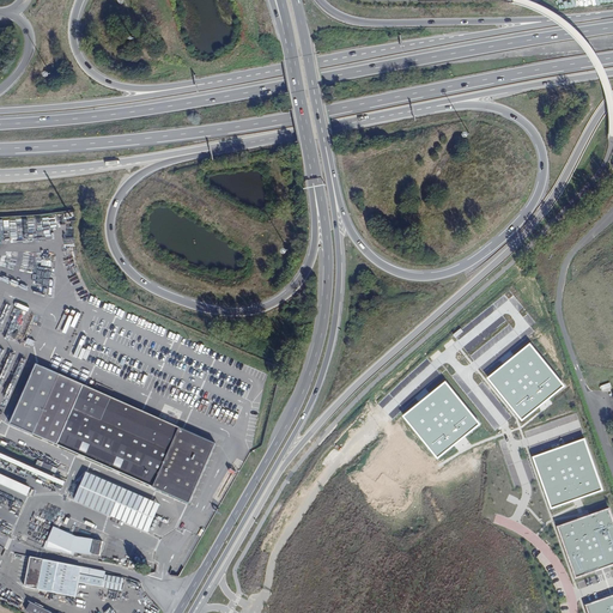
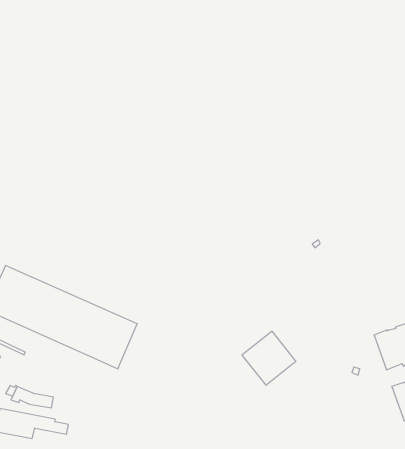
building: [488,346,562,418] -> none
building: [405,383,478,456] -> [242,331,296,385]
building: [73,472,158,530] -> none

